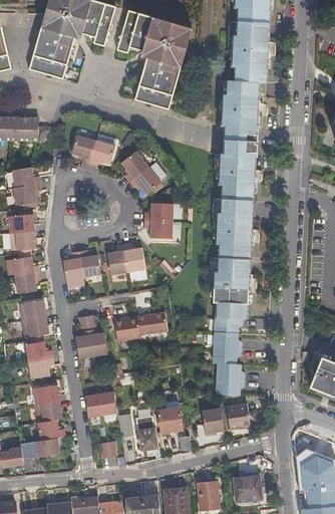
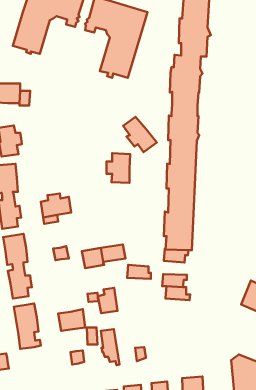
building: [70,135,114,166] -> none
building: [119,152,160,195] -> [123,117,157,152]
building: [106,243,145,275] -> none
building: [74,333,107,359] -> none
building: [213,333,242,350] -> [127,265,151,279]
building: [215,379,245,397] -> none
building: [156,402,181,433] -> [98,288,117,313]
building: [227,406,251,429] -> none
building: [203,410,225,434] -> none
building: [20,439,58,459] -> none

